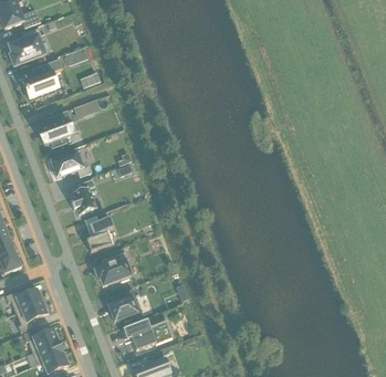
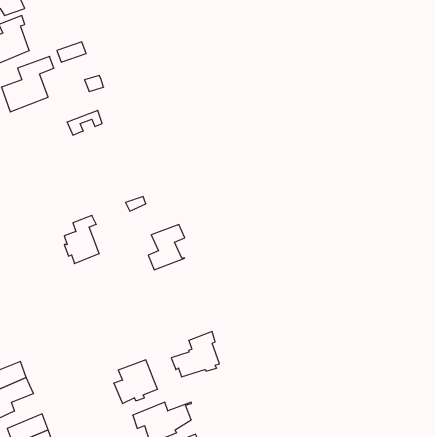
building: [39,112,73,147] -> none
building: [51,150,92,177] -> none
building: [86,217,114,251] -> [148,225,185,270]
building: [95,250,132,284] -> [171,332,219,377]

